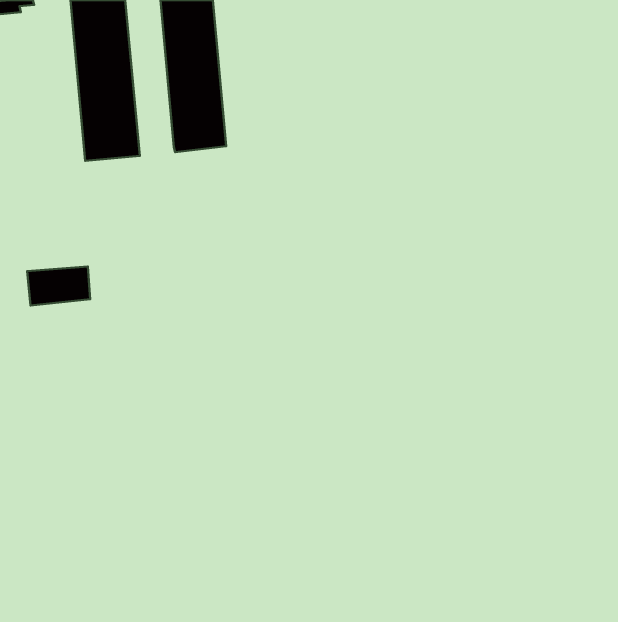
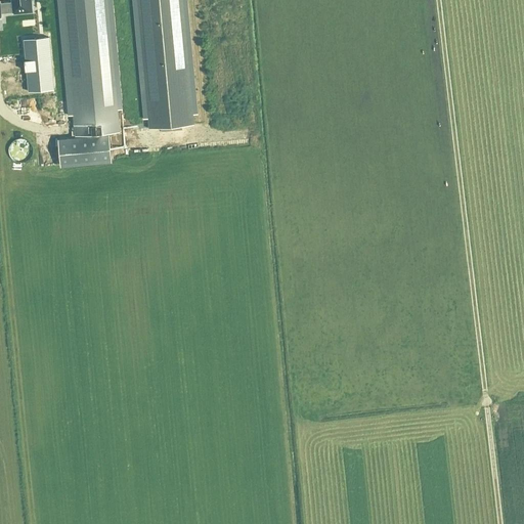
building: none -> [20,37,51,91]
building: [27,266,90,305] -> [55,134,108,167]

